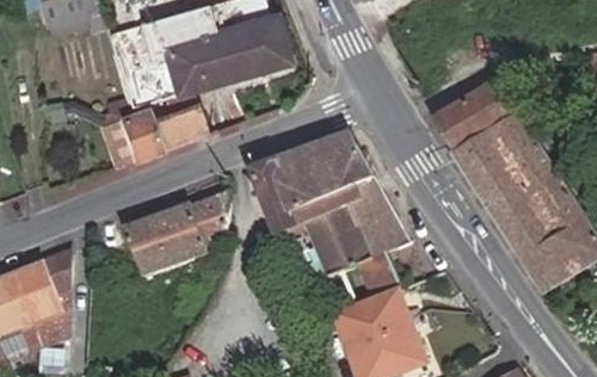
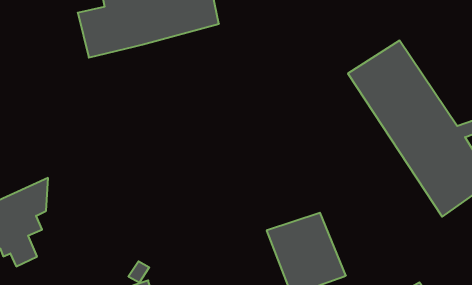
building: [112,86,201,163] -> none
building: [252,135,412,289] -> none
building: [128,190,226,273] -> none

